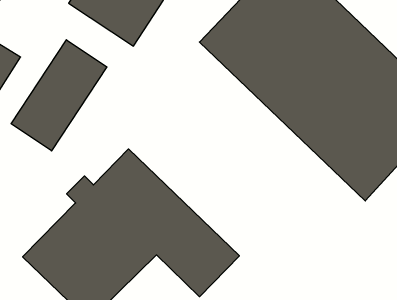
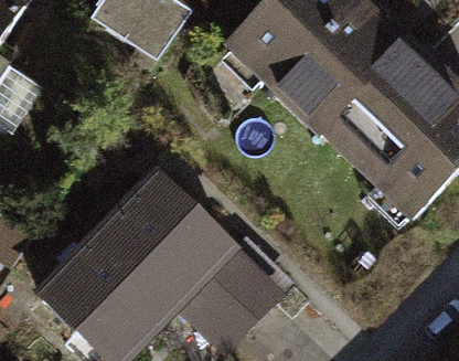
building: [11,40,107,151] -> none

